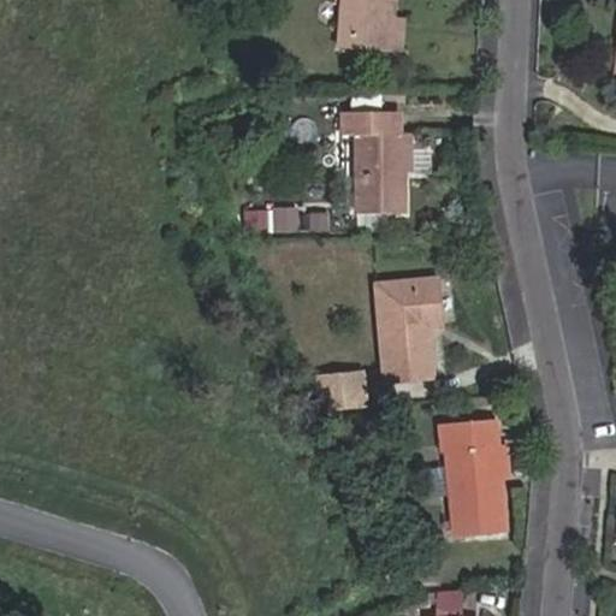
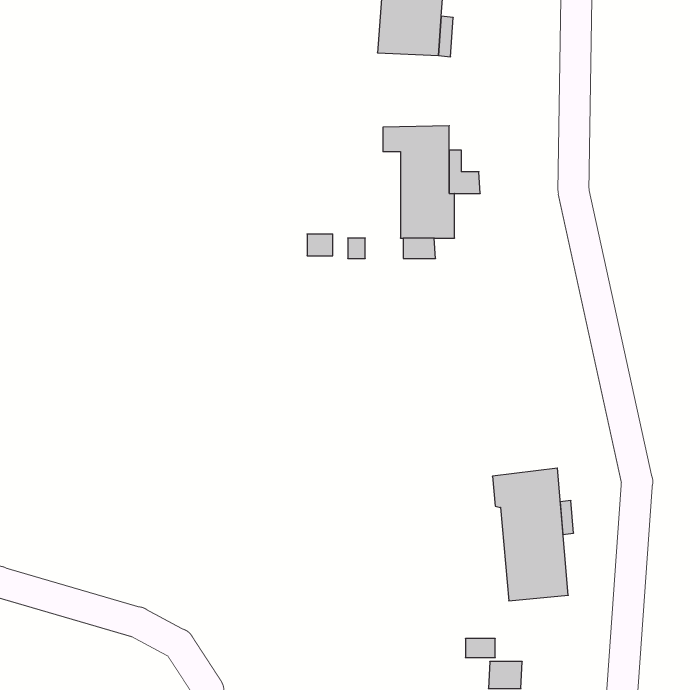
building: [377,278,440,379] -> none
building: [316,372,357,410] -> none

